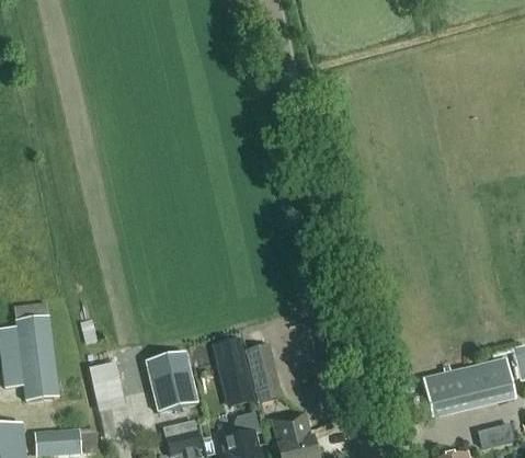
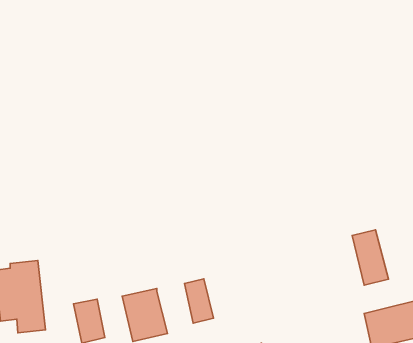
building: none -> [352,230,389,285]
building: [244,343,281,401] -> none

